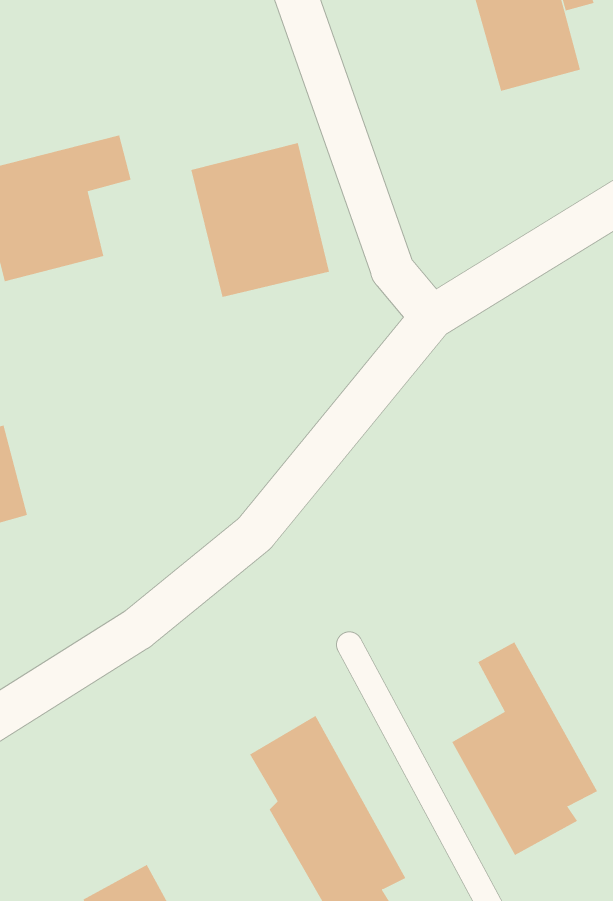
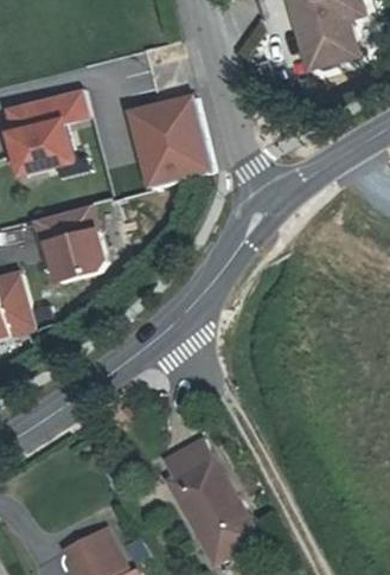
building: none -> [34,210,104,287]
building: [452,642,598,856] -> none

